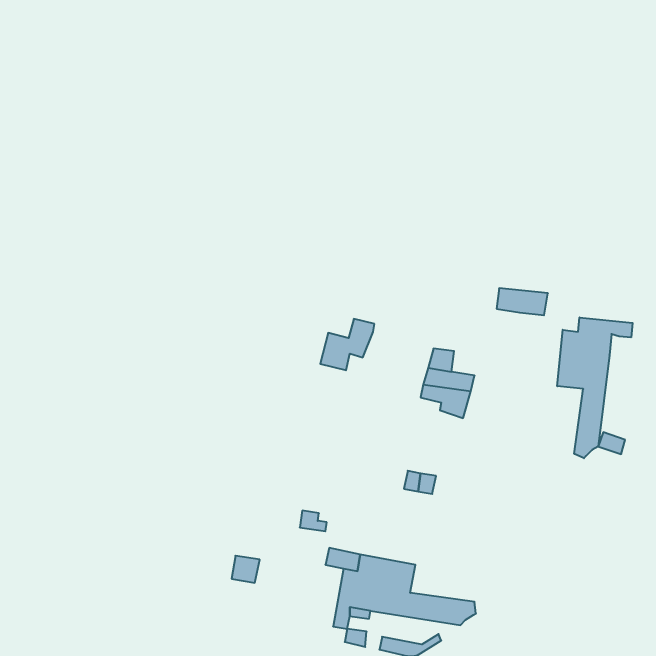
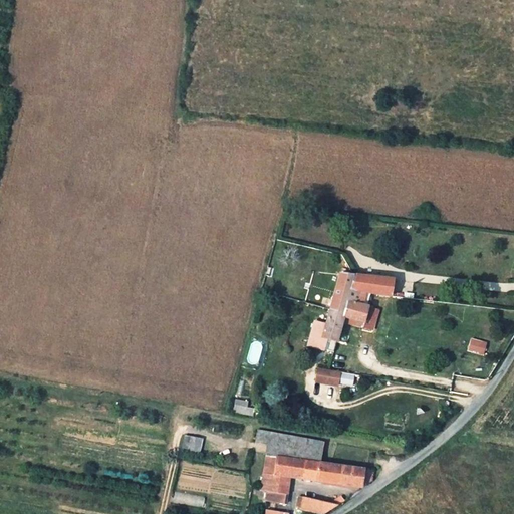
building: [497,288,548,315] -> [353,274,394,295]
building: [557,317,633,458] -> none
building: [320,319,374,370] -> [303,310,345,350]

